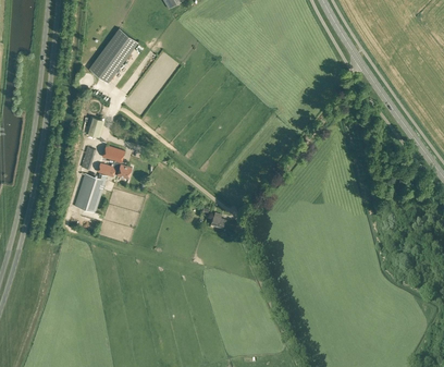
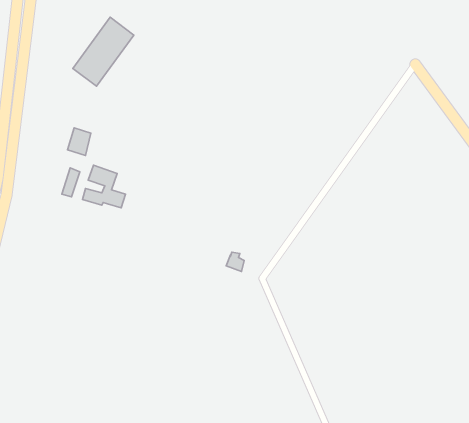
building: [73,173,107,213] -> none

